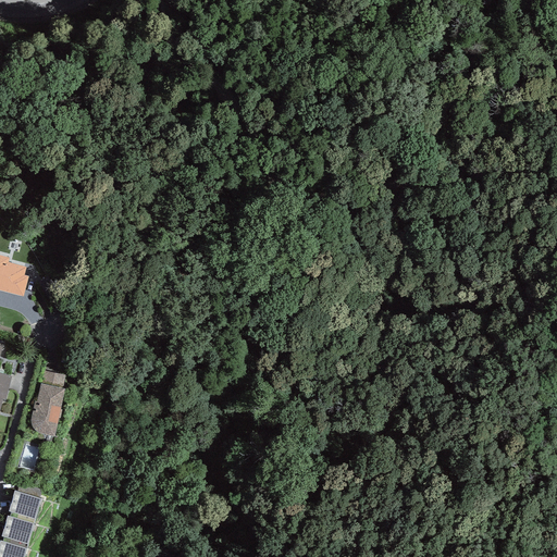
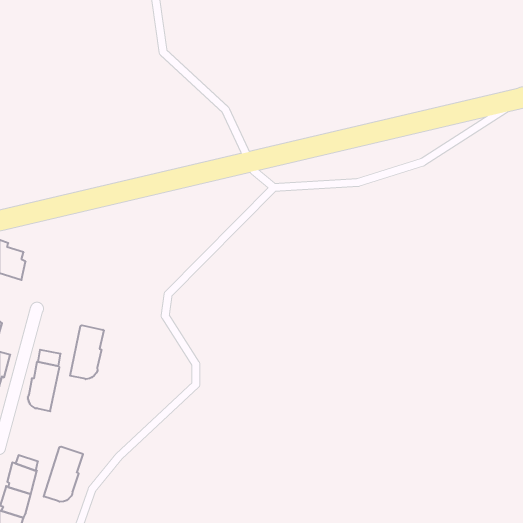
building: none -> [70,325,104,379]
building: none -> [44,447,83,502]

